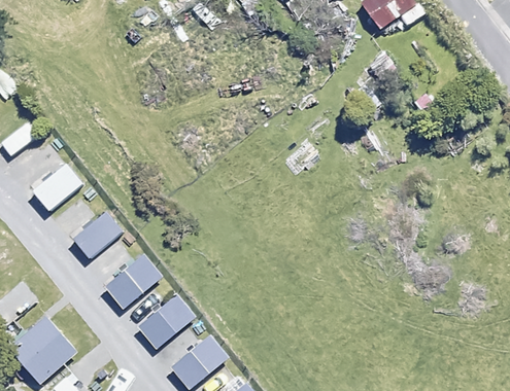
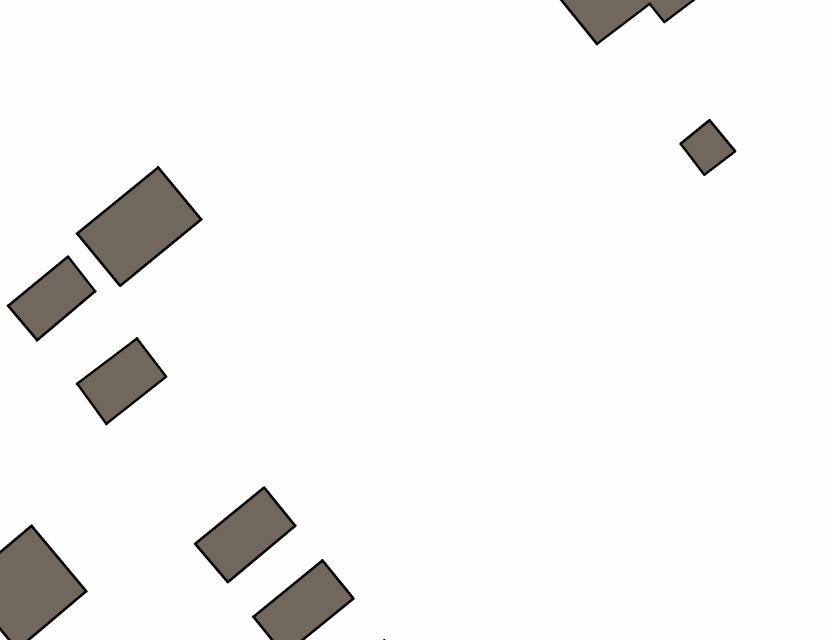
building: none -> [77,167,201,286]
building: [105,253,162,307] -> none

